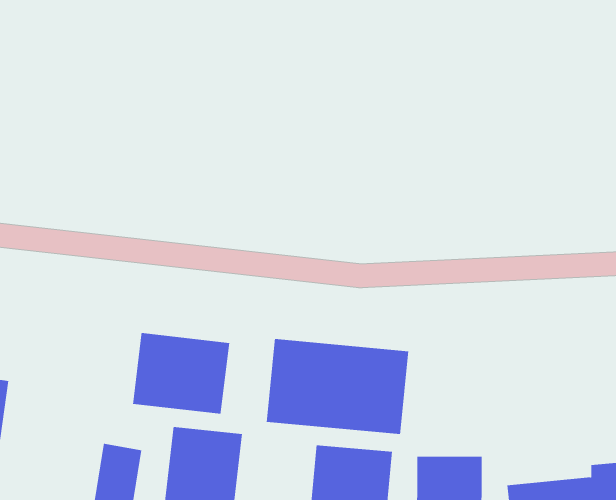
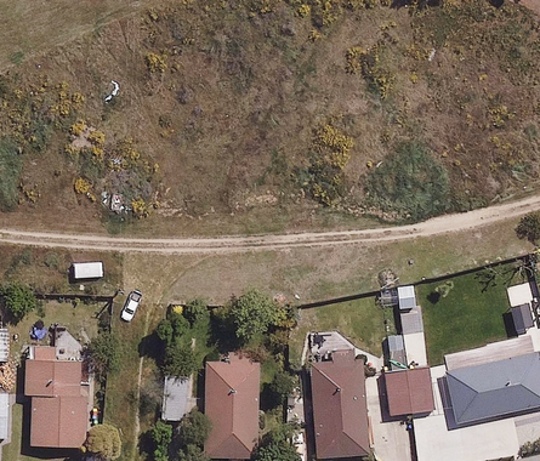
building: [132,332,230,415] -> none
building: [266,338,409,435] -> none

